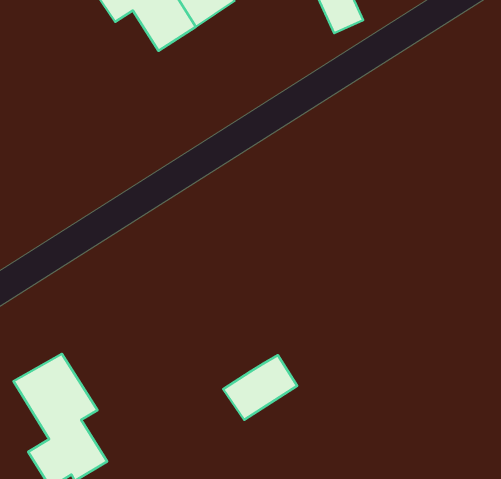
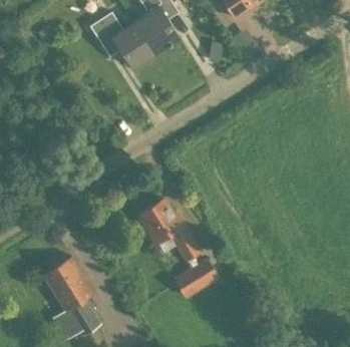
building: none -> [139,199,202,268]

